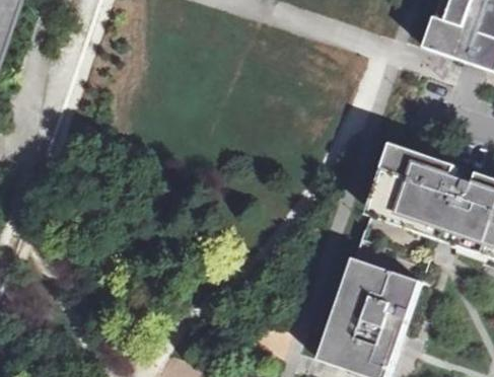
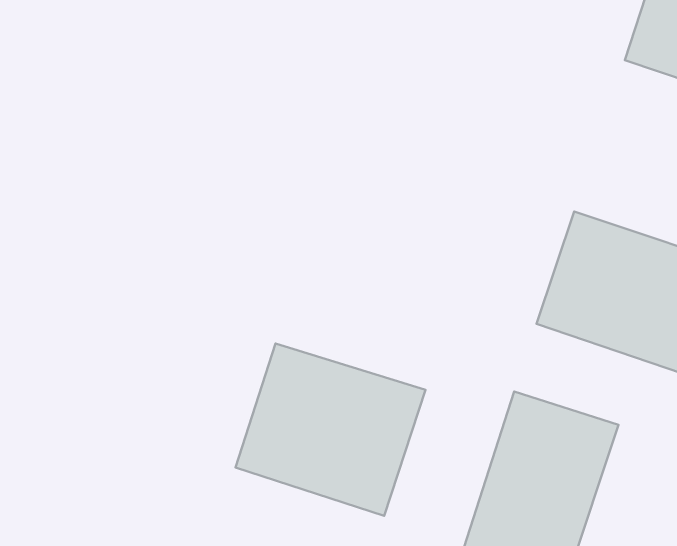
building: none -> [235,343,425,516]

